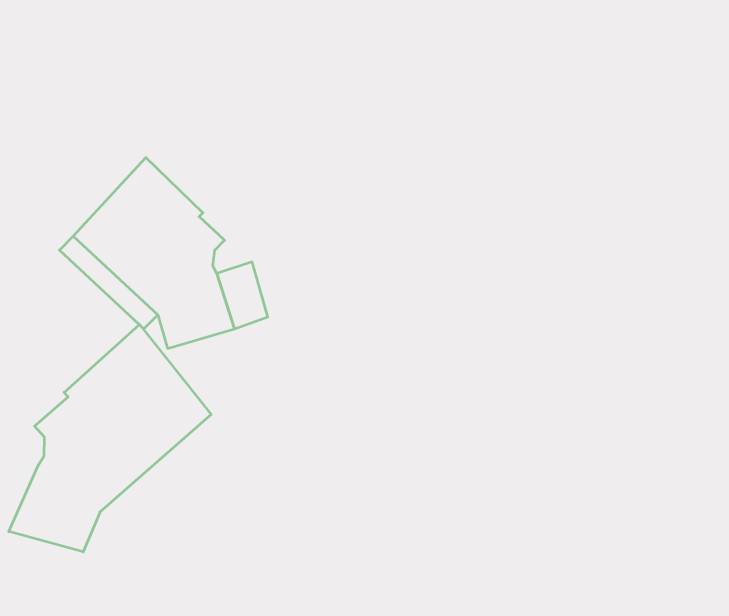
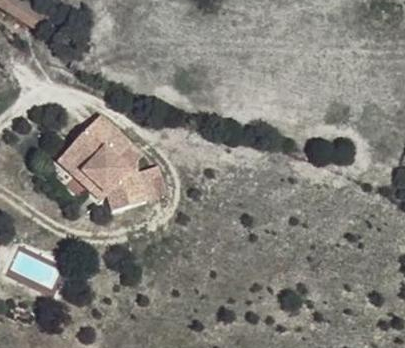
building: [9,324,211,552] -> none

